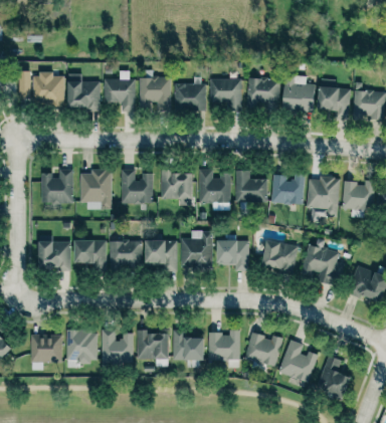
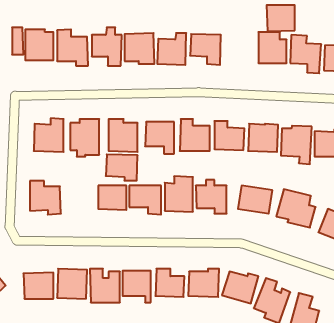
building: [247,78,277,107] -> [267,5,295,31]
building: [72,239,107,267] -> [106,154,138,181]

